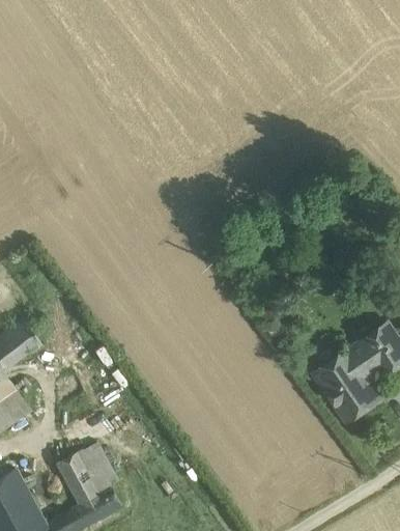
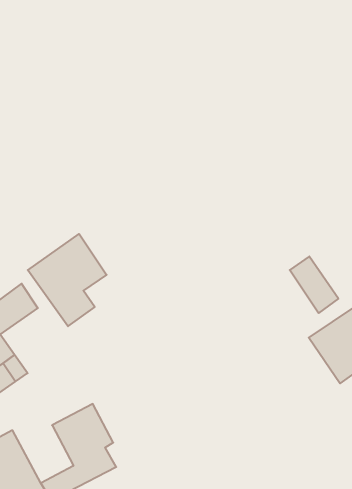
building: none -> [28,234,107,326]
building: none -> [290,256,338,313]

